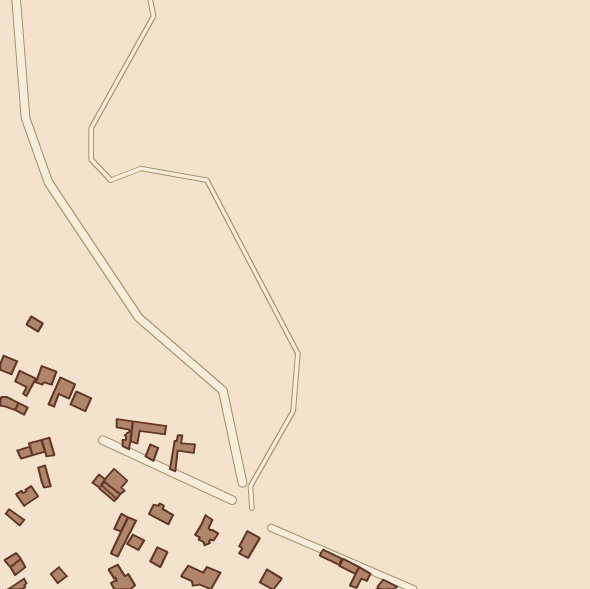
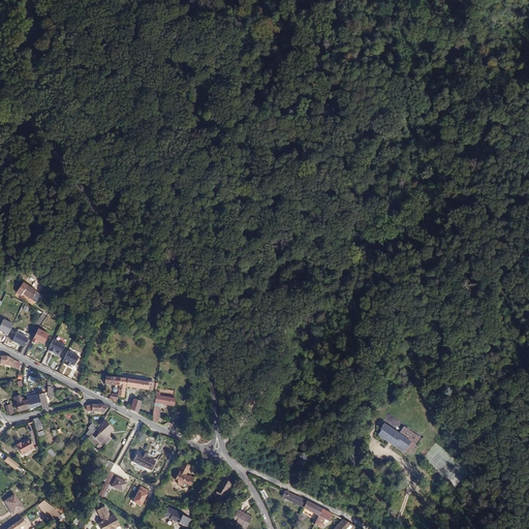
building: none -> [378,424,409,454]

